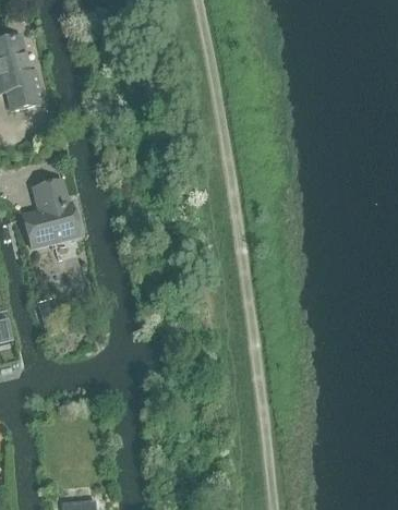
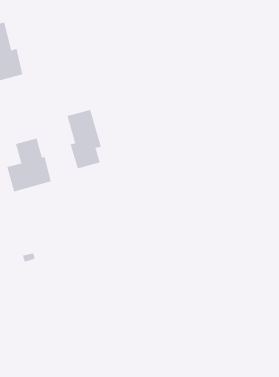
building: none -> [67,109,102,169]

